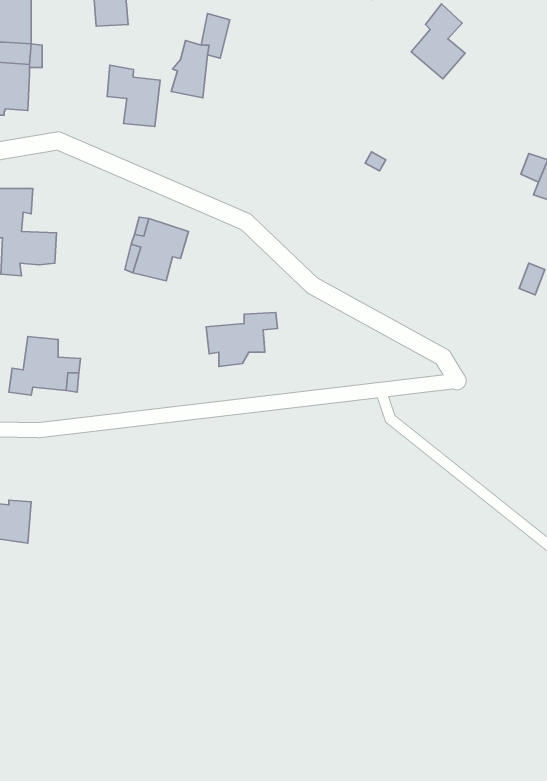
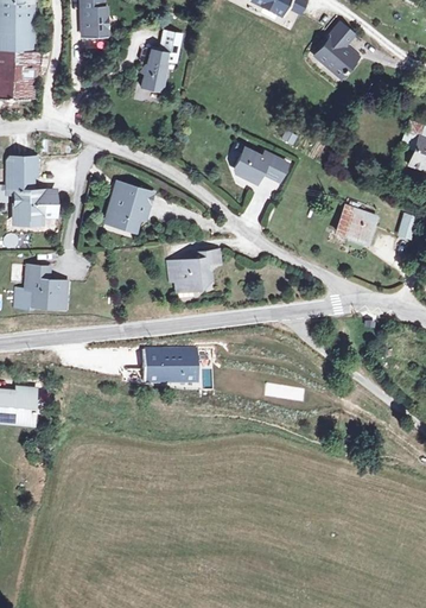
building: [107,65,160,127] -> none
building: none -> [236,148,288,183]
building: none -> [338,204,377,241]
building: none -> [145,349,197,378]

